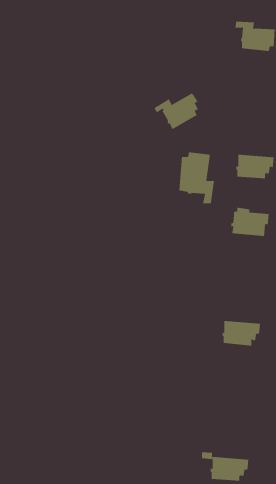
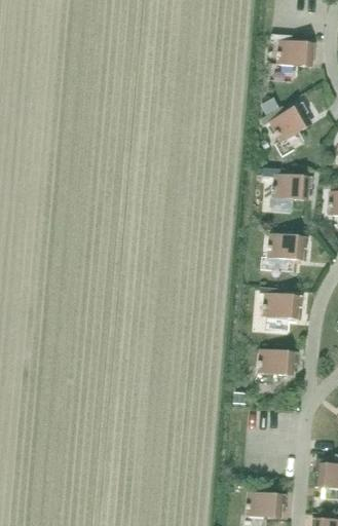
building: [154,93,199,130] -> [262,102,309,141]
building: [179,151,214,204] -> none
building: none -> [260,287,303,318]

